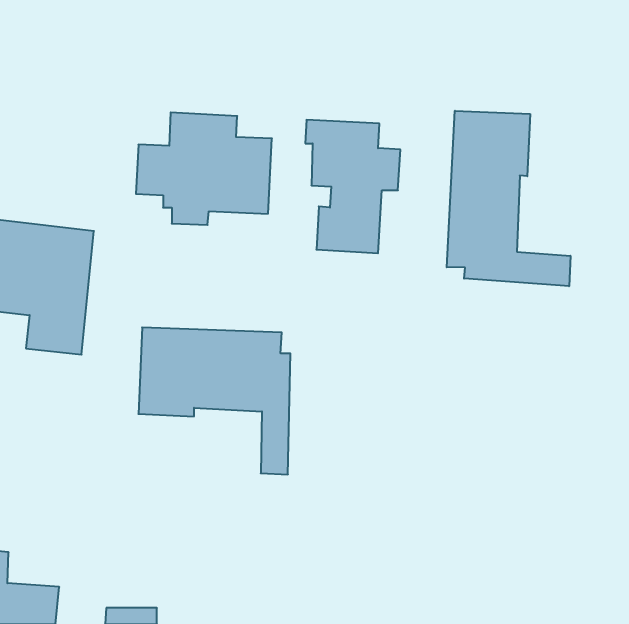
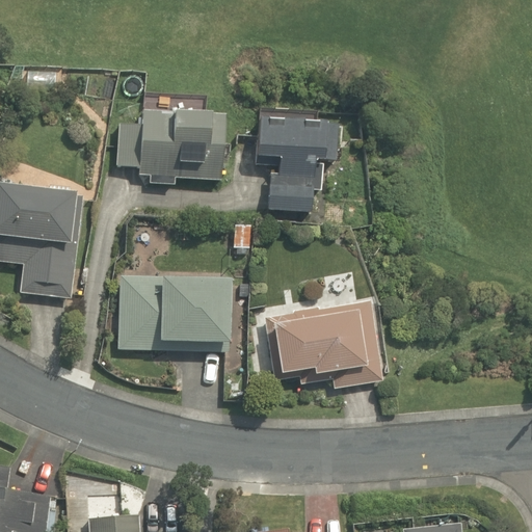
building: [447,111,570,286] -> none
building: none -> [263,298,384,388]

